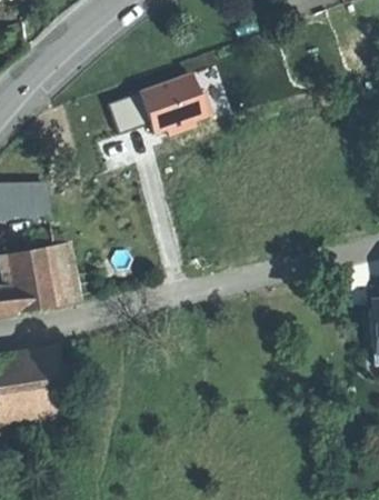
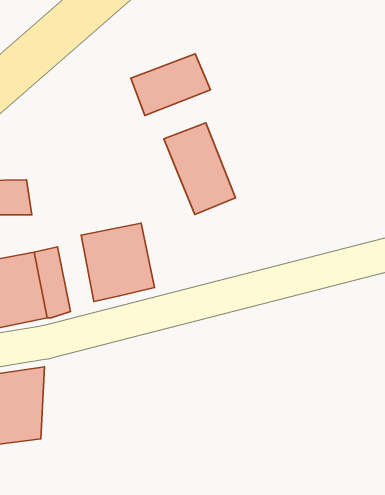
building: none -> [164,123,235,215]
building: none -> [81,223,154,302]

